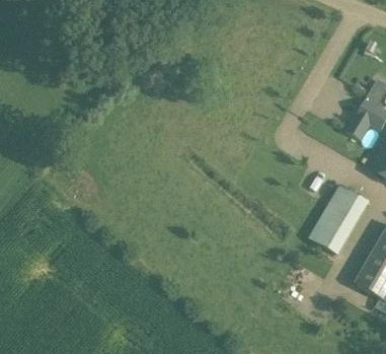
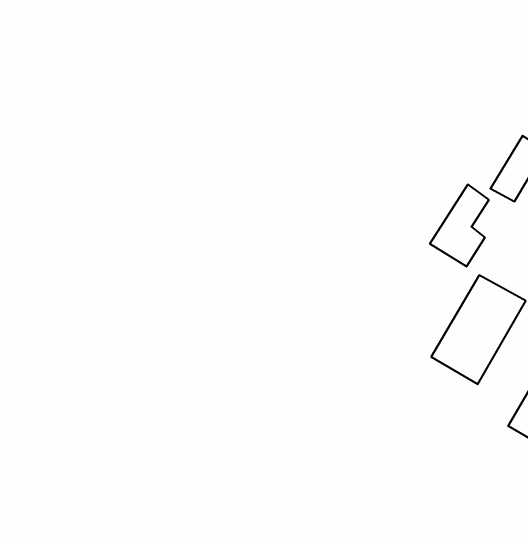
building: none -> [430,184,489,267]

